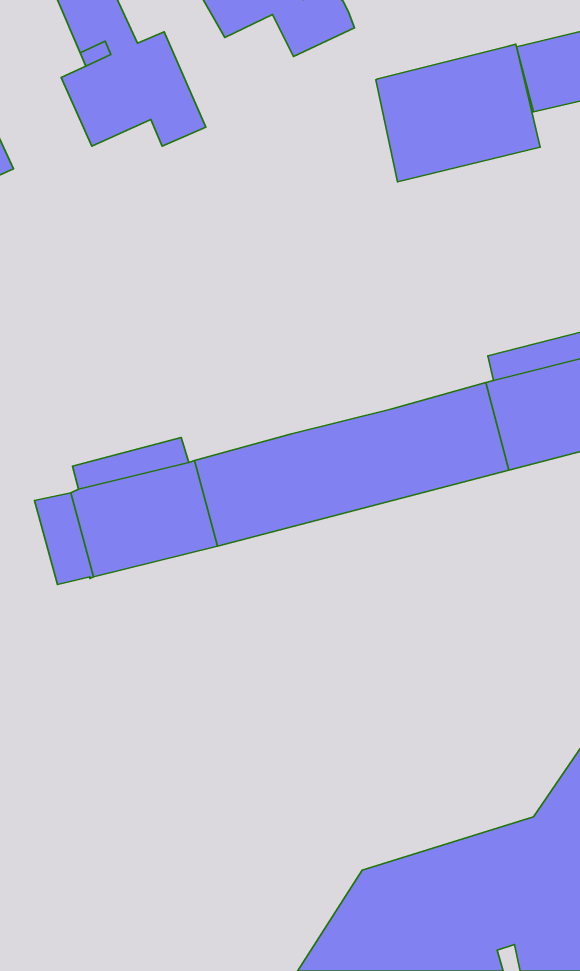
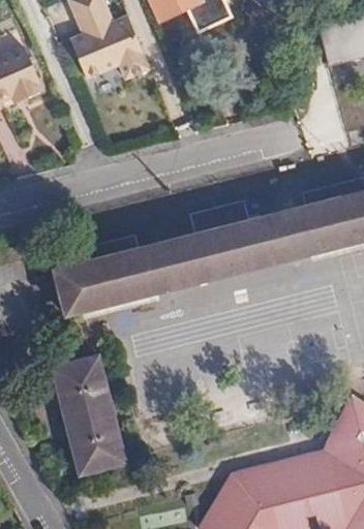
building: [376,44,540,182] -> none
building: none -> [189,200,249,236]
building: none -> [51,359,123,478]

